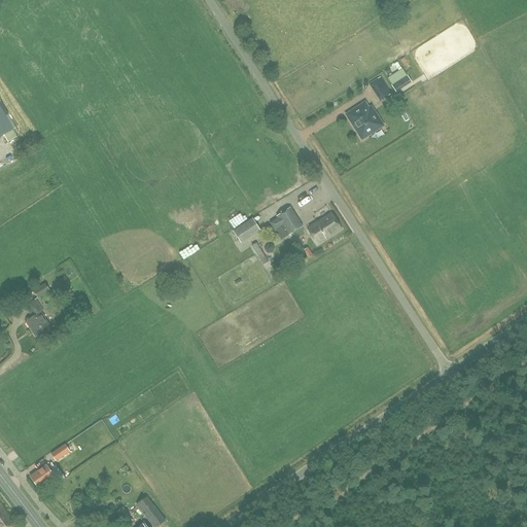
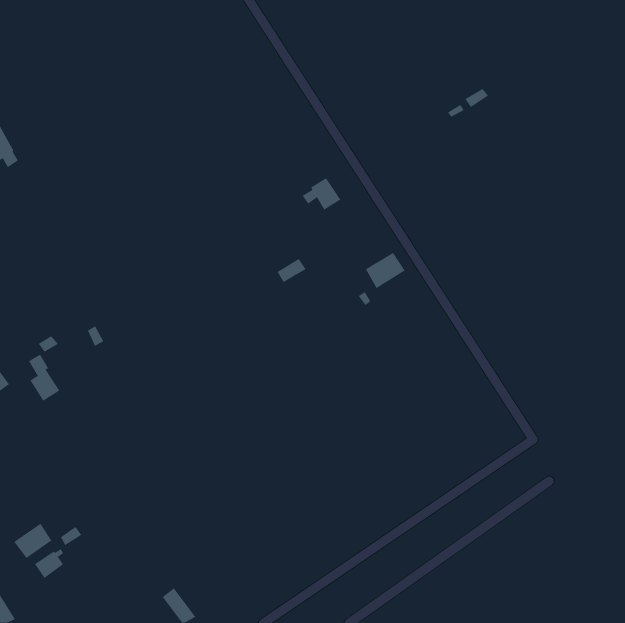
building: [346,102,382,137] -> none
building: [269,206,302,234] -> [302,178,341,211]
building: none -> [13,523,52,559]

